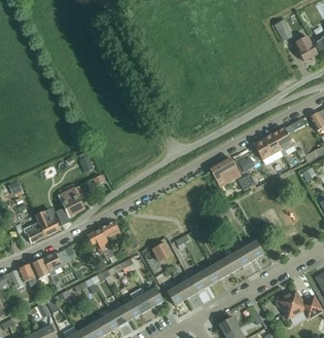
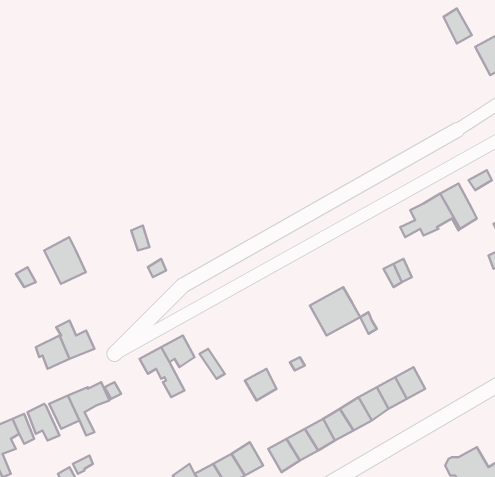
building: [210,157,241,187] -> [310,287,360,335]
building: [59,187,84,216] -> [44,237,86,284]

